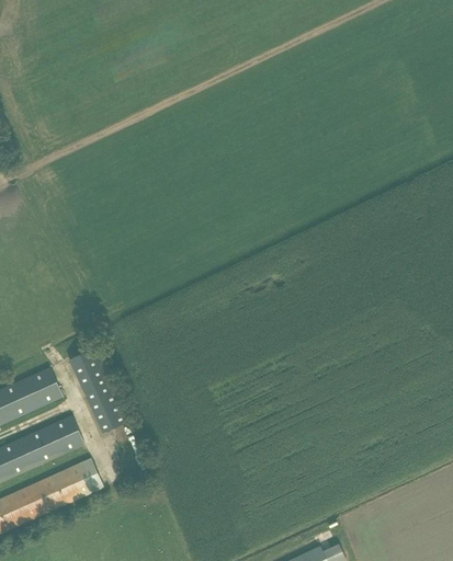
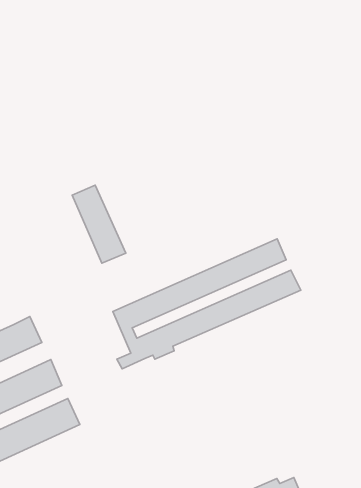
building: none -> [113,239,301,369]
building: [68,347,127,433] -> [72,185,126,263]

